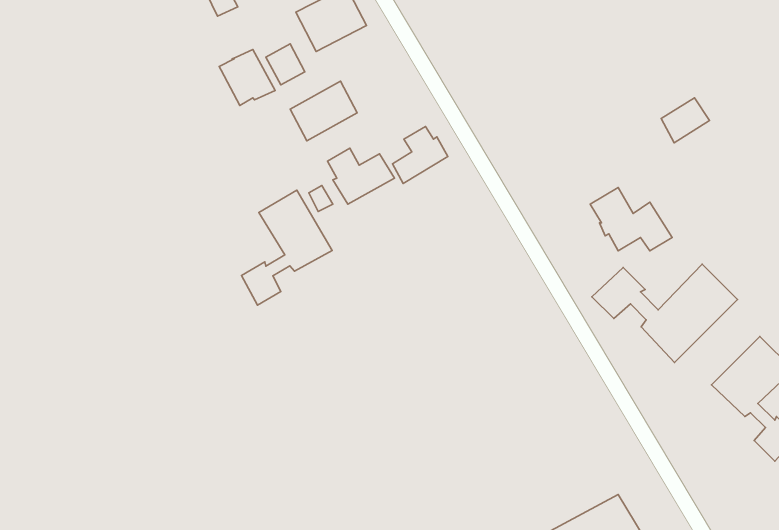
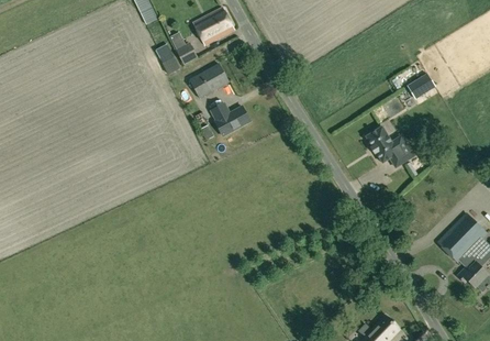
building: [392,126,448,183] -> none
building: [242,190,332,305] -> none
building: [592,264,738,363] -> none

